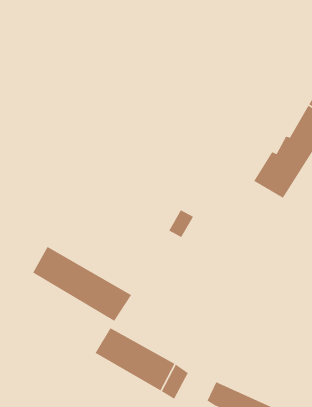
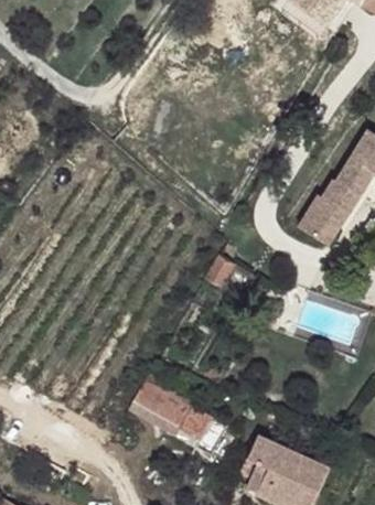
building: [32,246,132,322] -> none

